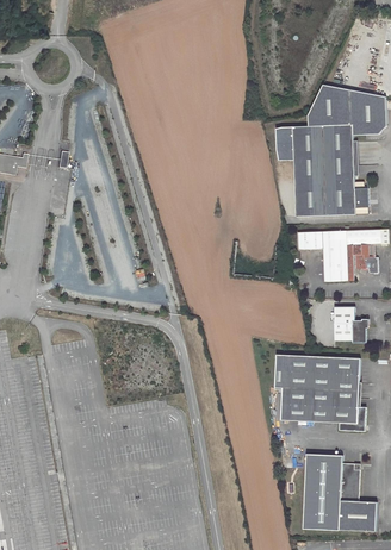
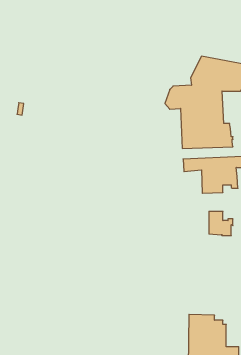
building: [274,355,366,431] -> none

